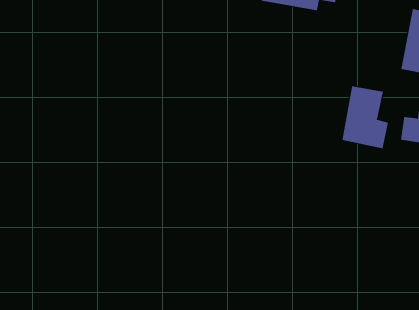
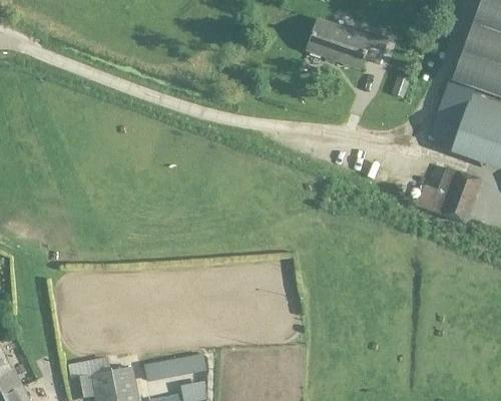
building: [342,85,389,149] -> none

